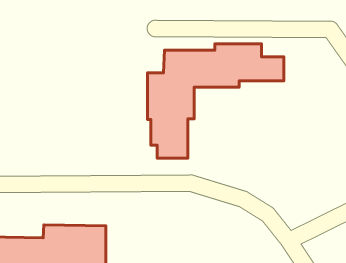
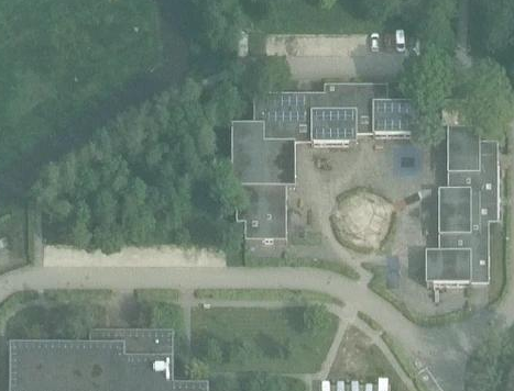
building: none -> [425,126,497,282]

